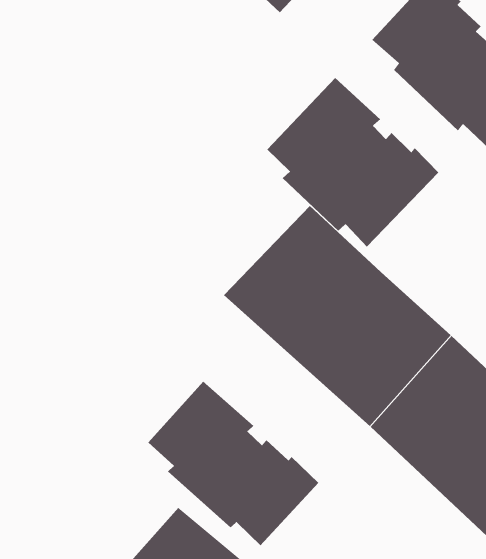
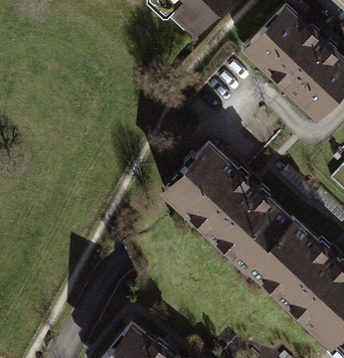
building: [267,77,439,247] -> none
building: [148,381,319,546] -> none

